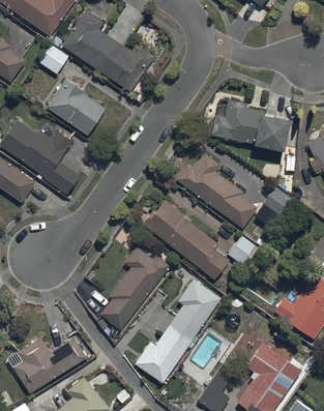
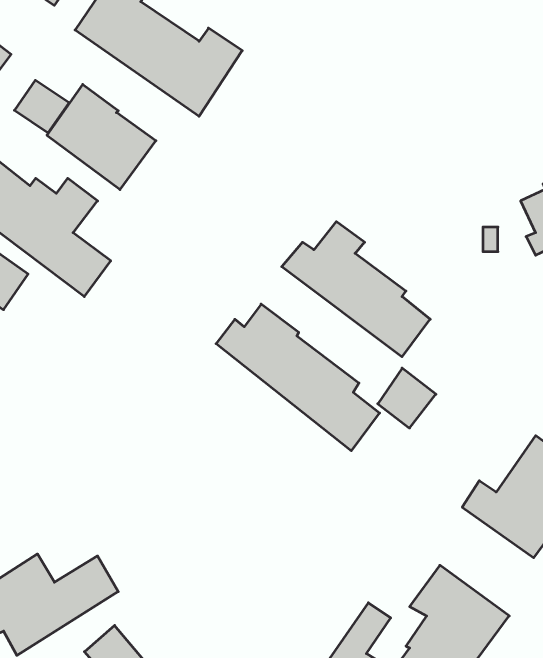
building: [38,43,68,72] -> [14,80,69,133]
building: [210,99,290,150] -> none
building: [263,186,291,215] -> none
building: [100,245,171,328] -> none
building: [135,278,220,382] -> none

